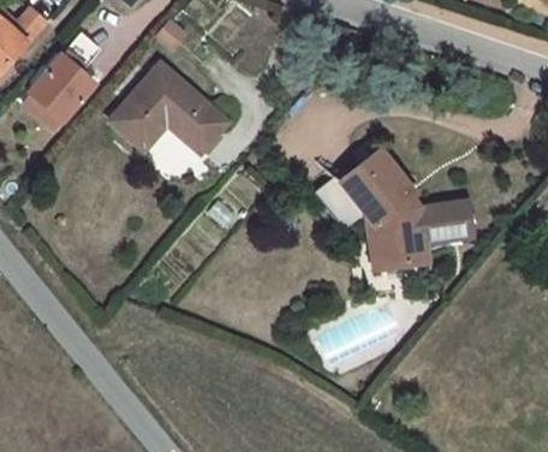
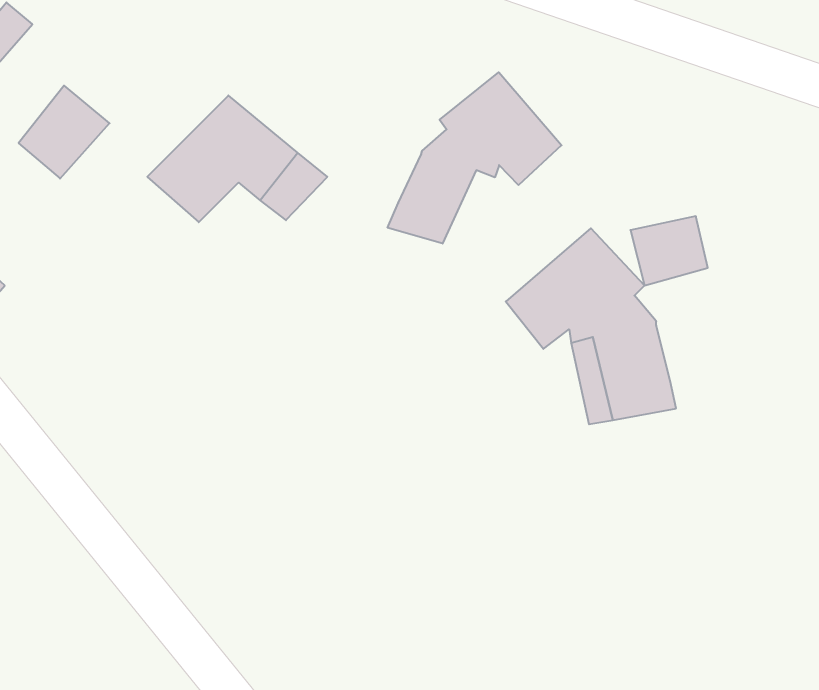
building: none -> [388,72,562,244]
building: [421,197,467,239] -> [630,216,708,286]

